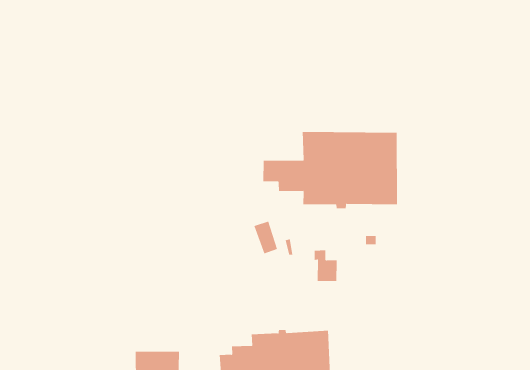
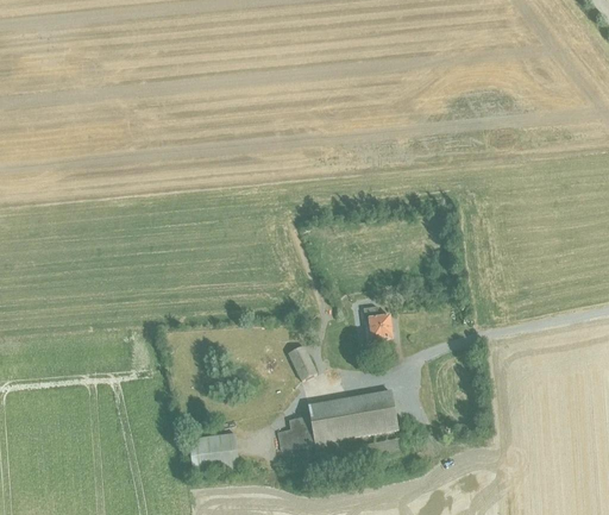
building: [263,131,398,209] -> none
building: [254,221,278,254] -> [288,343,316,378]

